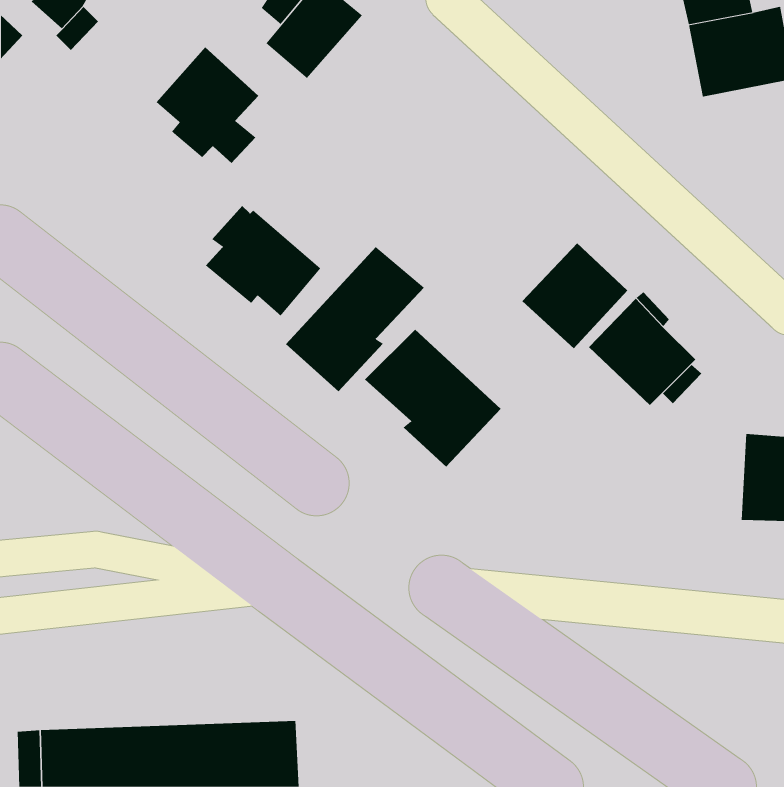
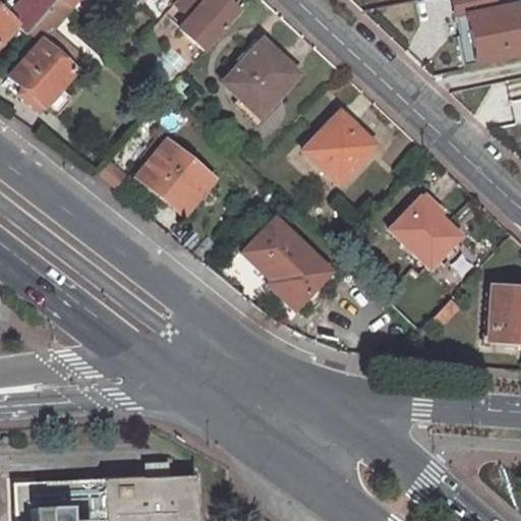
building: [156,47,259,164] -> [8,39,76,116]
building: none -> [227,43,300,115]
building: [522,243,628,349] -> [303,116,373,186]
building: [285,246,425,392] -> none

